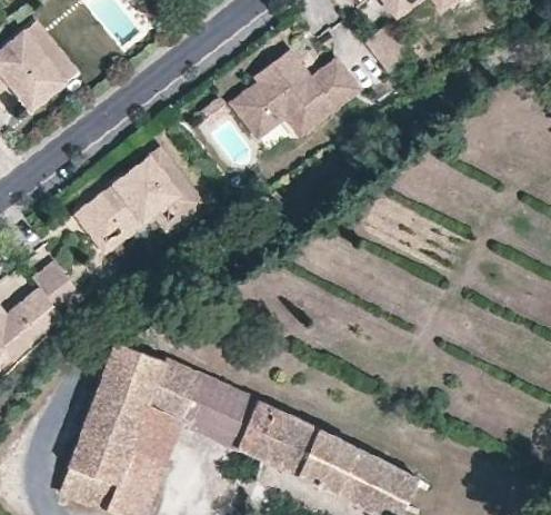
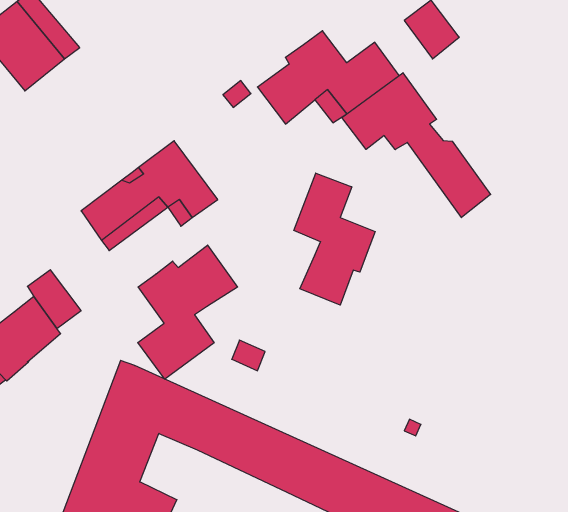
building: none -> [342,73,491,218]
building: none -> [294,173,375,305]
building: none -> [138,245,238,379]
building: [132,404,182,462] -> none

